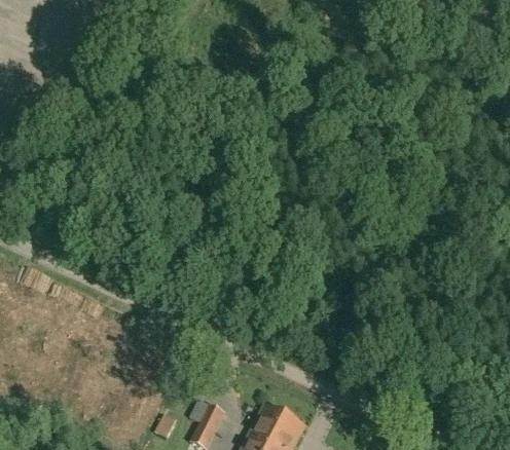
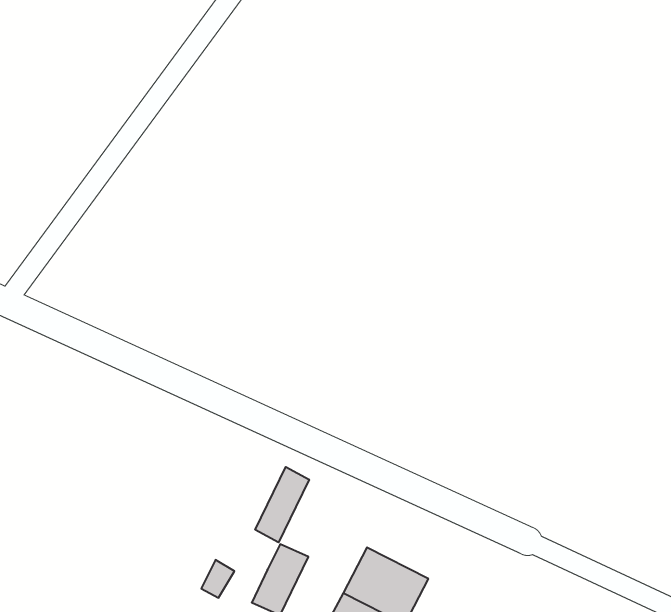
building: none -> [255,467,309,542]

